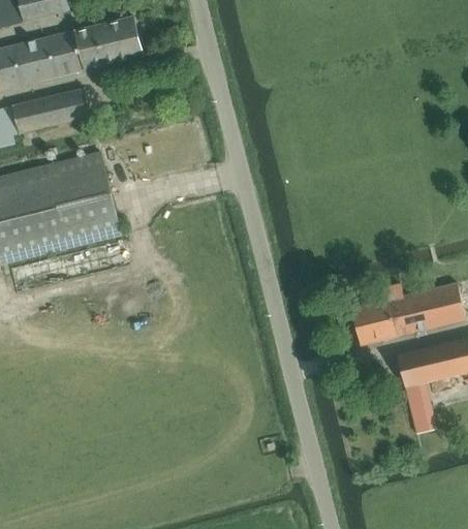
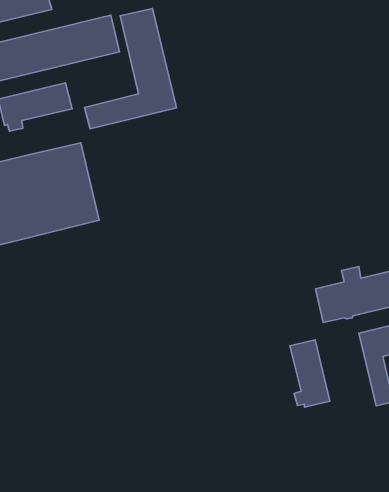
building: none -> [85,8,177,129]
building: none -> [290,340,330,407]

